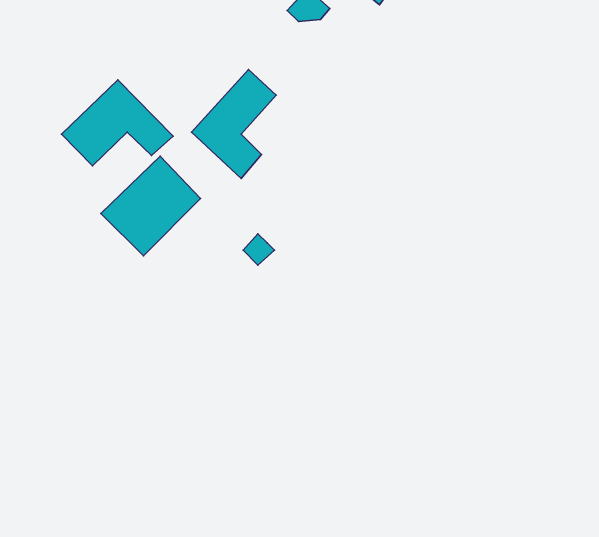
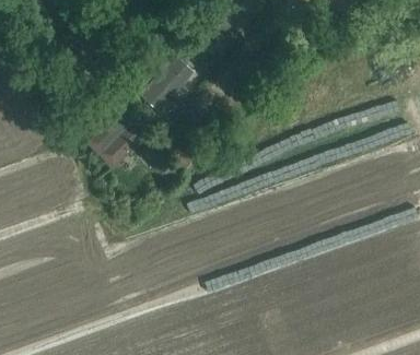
building: [61,80,173,166] -> none

